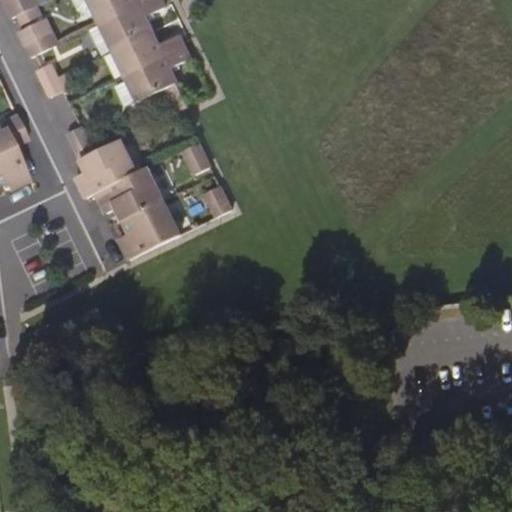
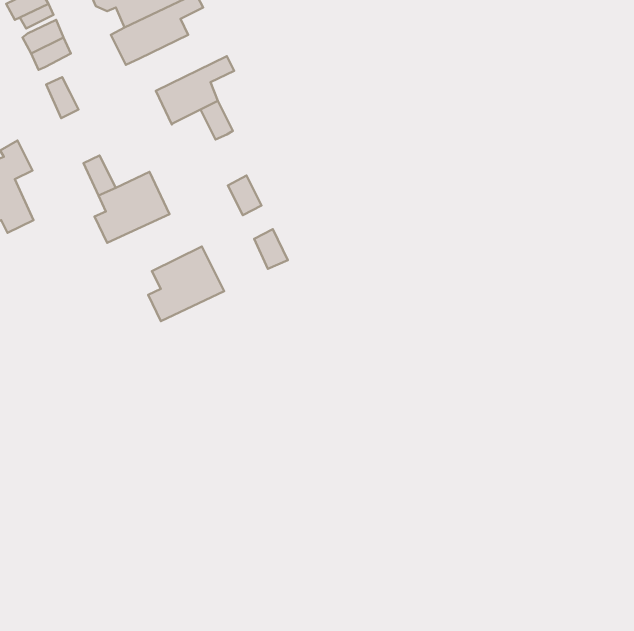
building: [112,28,182,73] -> none
building: [97,166,162,218] -> none

